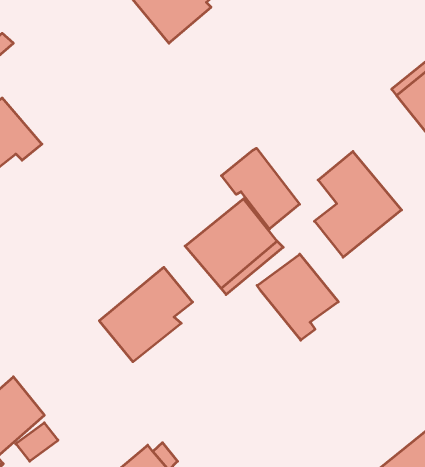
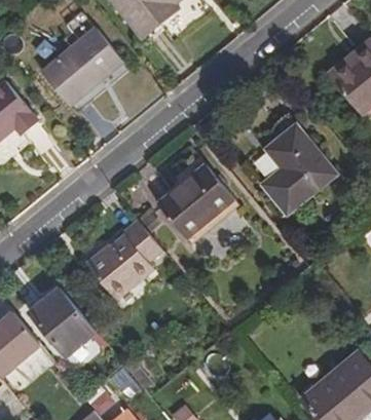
building: none -> [40,28,119,104]
building: [221,148,300,229] -> none
building: [257,254,338,340] -> none
building: none -> [29,287,95,354]

